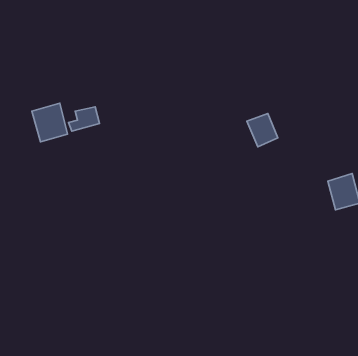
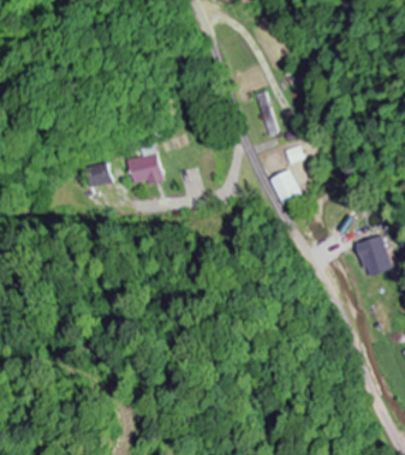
building: none -> [123,145,162,184]
building: [32,103,67,142] -> none

